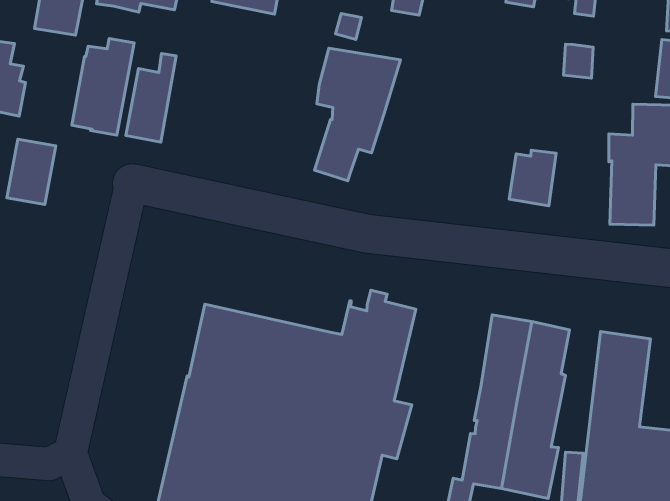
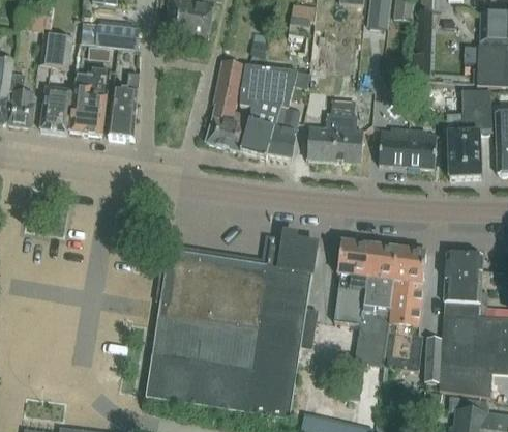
building: none -> [205,59,249,150]
building: none -> [305,88,362,162]
building: none -> [265,108,299,154]
building: [7,139,56,204] -> [39,84,71,128]
building: none -> [406,128,436,168]
building: none -> [334,240,370,324]

